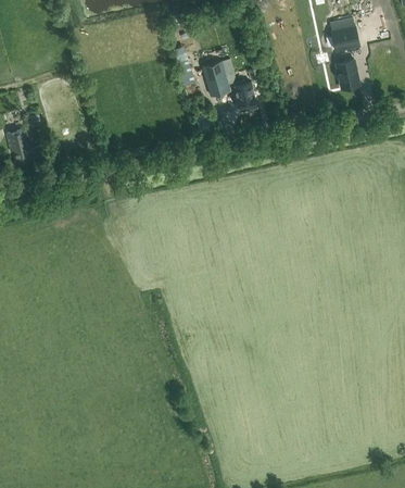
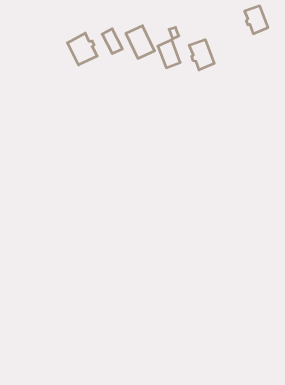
building: none -> [67,33,97,65]
building: none -> [189,40,214,70]

